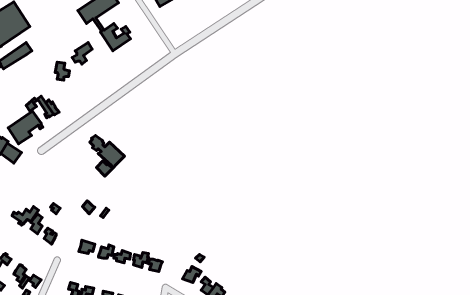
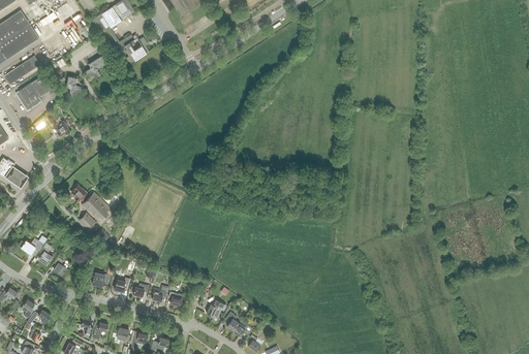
building: [8,111,43,144] -> [14,74,53,110]
building: [90,136,125,176] -> [70,185,108,229]

